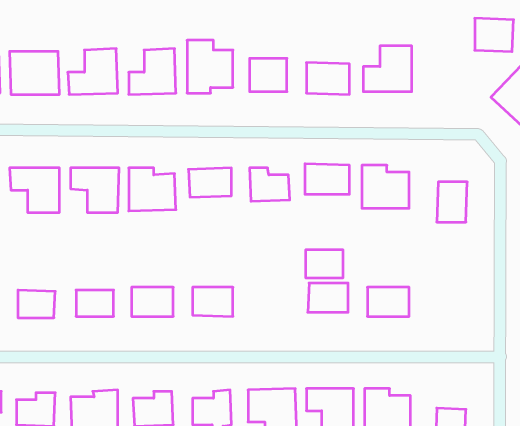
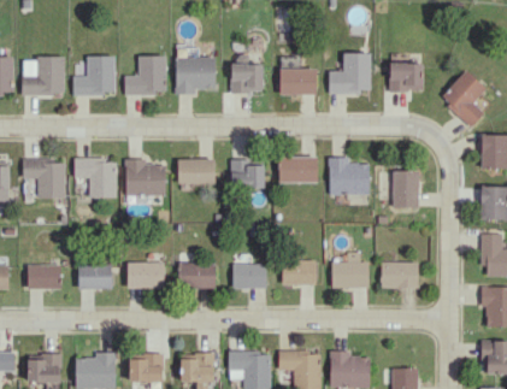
building: [475,18,514,52] -> [389,63,423,92]
building: [306,250,343,278] -> [234,264,266,288]
building: none -> [381,261,417,288]

